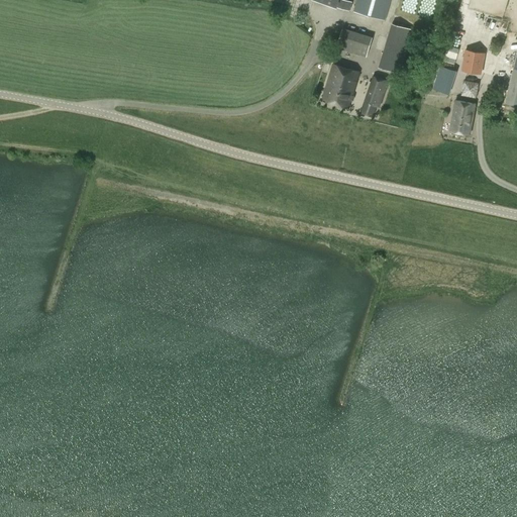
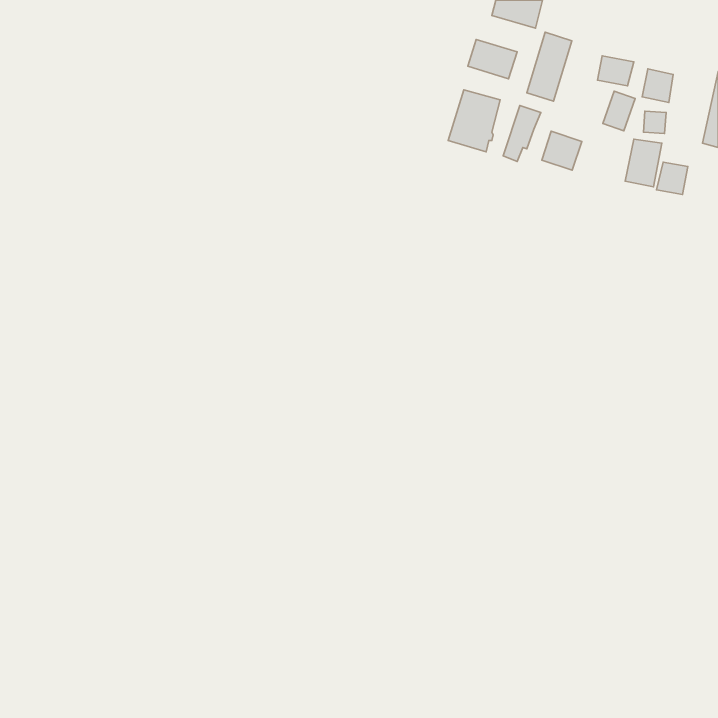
building: none -> [597,56,634,86]
building: none -> [542,131,582,170]
building: none -> [657,162,688,195]

